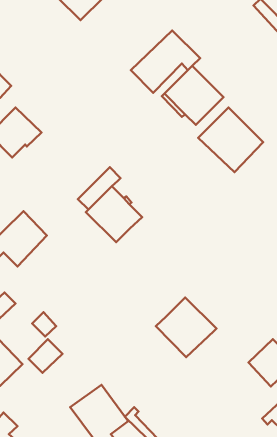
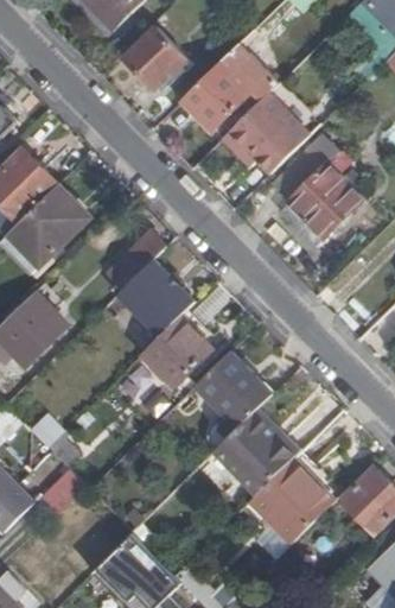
building: none -> [122,27,185,90]
building: none -> [8,185,89,266]
building: none -> [141,317,211,387]
building: none -> [193,353,272,438]
building: none -> [255,458,338,539]

